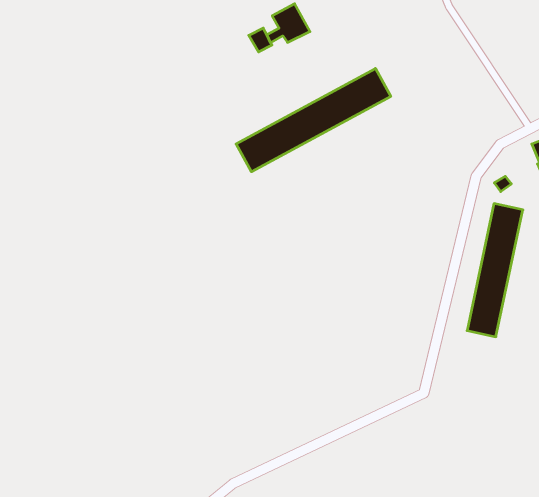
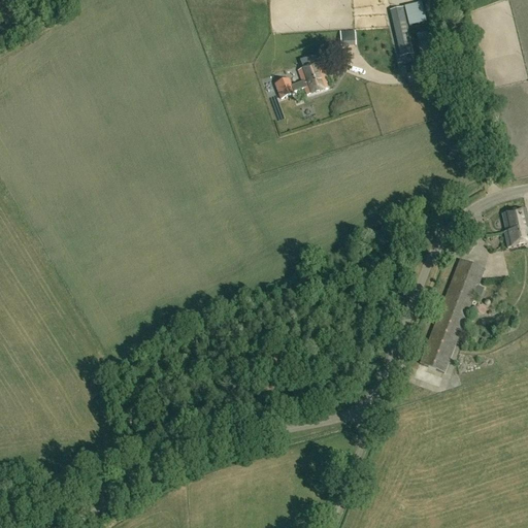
building: [236,68,391,172] -> none

